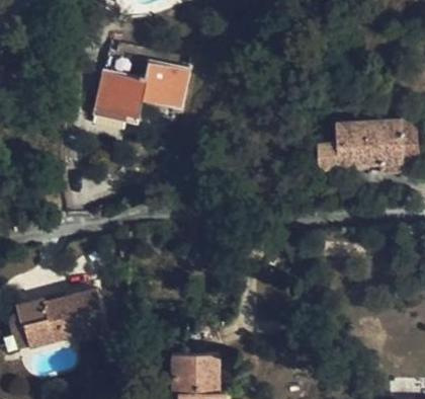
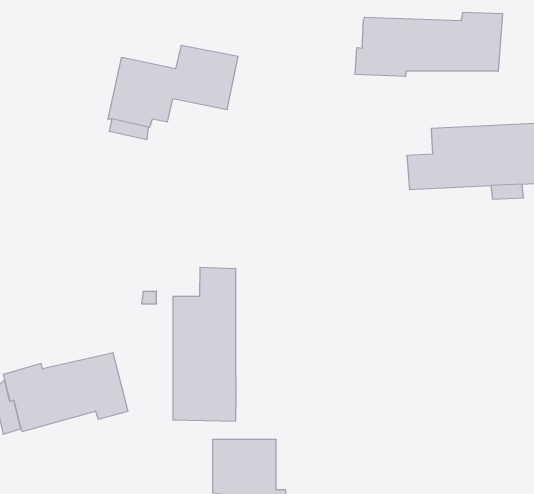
building: none -> [355,12,502,77]
building: none -> [173,267,236,421]

